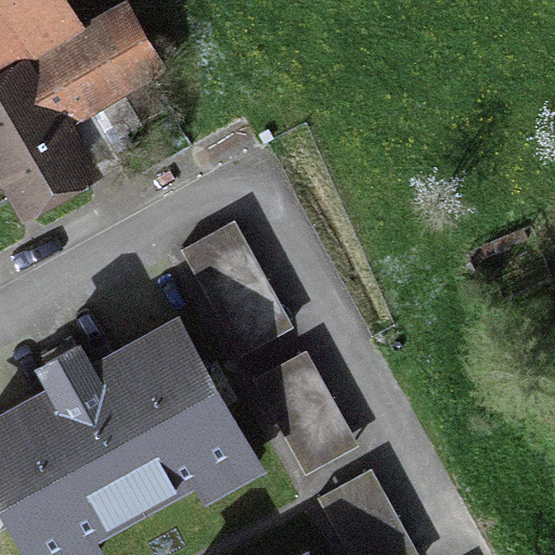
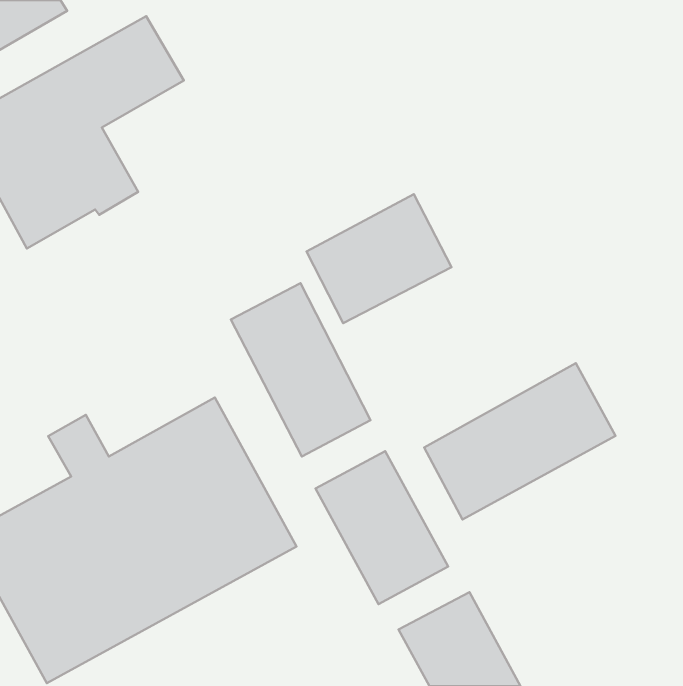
building: none -> [306,194,452,323]
building: none -> [424,363,616,519]

